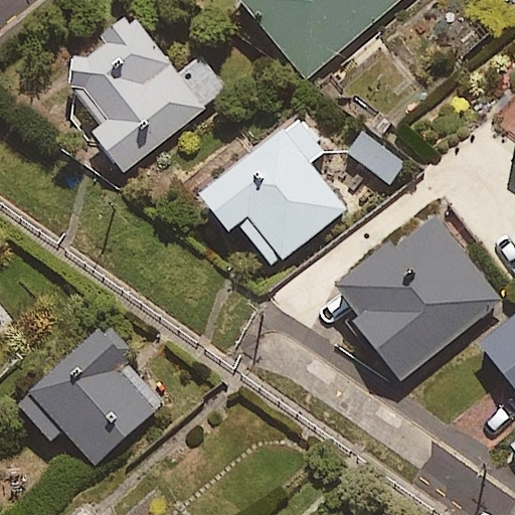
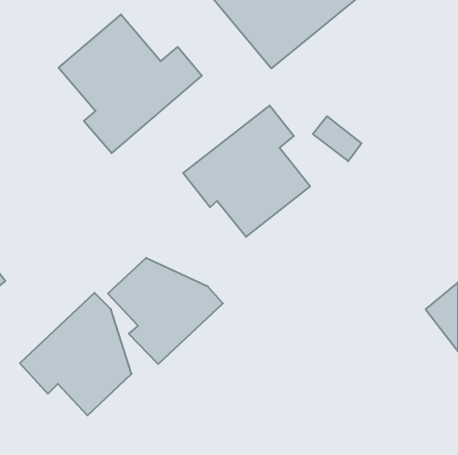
building: [336,220,495,383] -> none
building: none -> [108,258,223,364]

